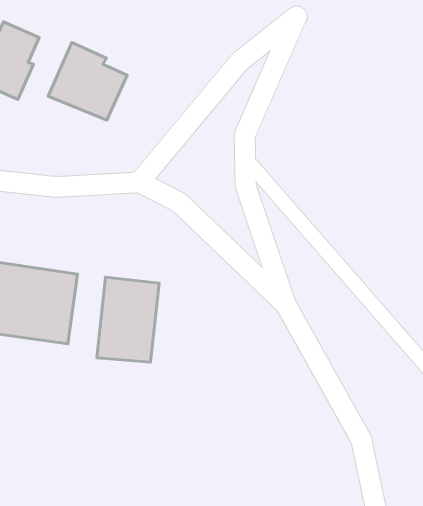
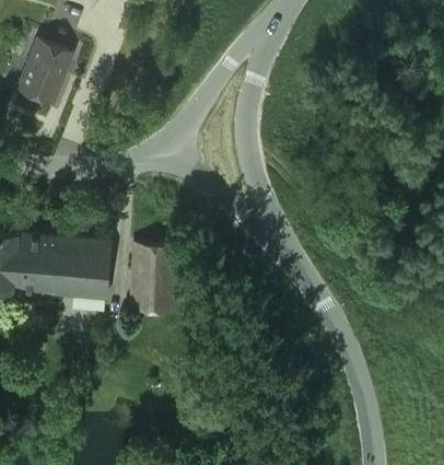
building: [48,43,127,120] -> none

